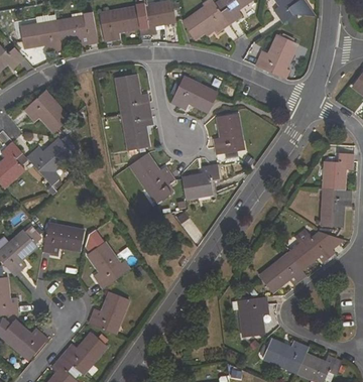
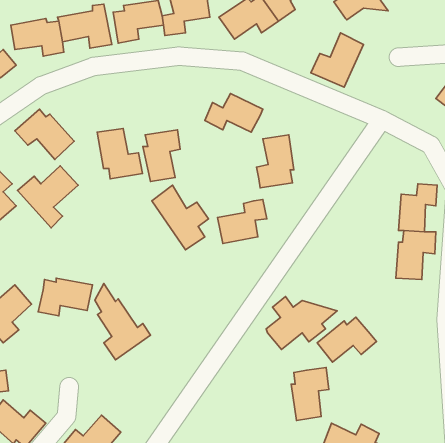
building: [115,74,150,113] -> [97,128,142,179]
building: [288,227,344,268] -> [266,297,337,350]
building: [88,291,128,332] -> none

